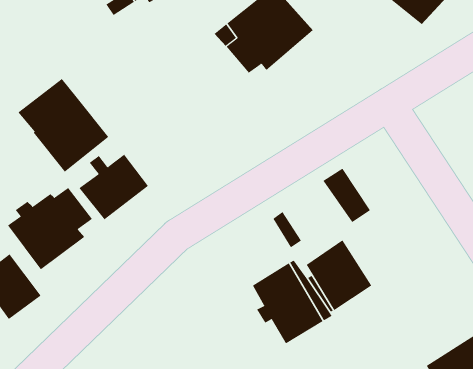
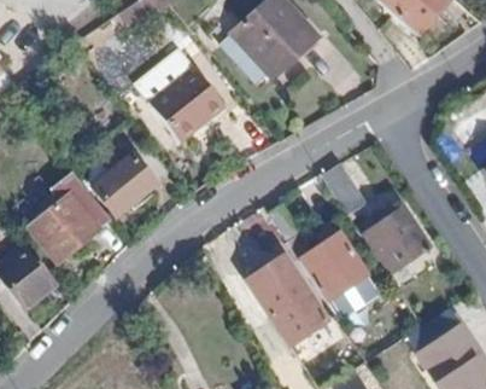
building: [17,78,109,173] -> [135,50,222,139]
building: none -> [370,210,431,272]

